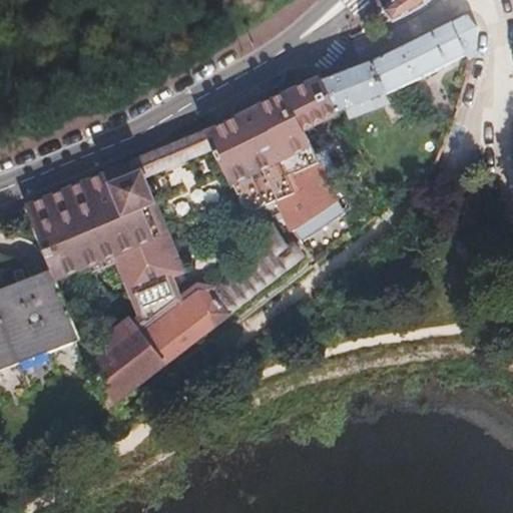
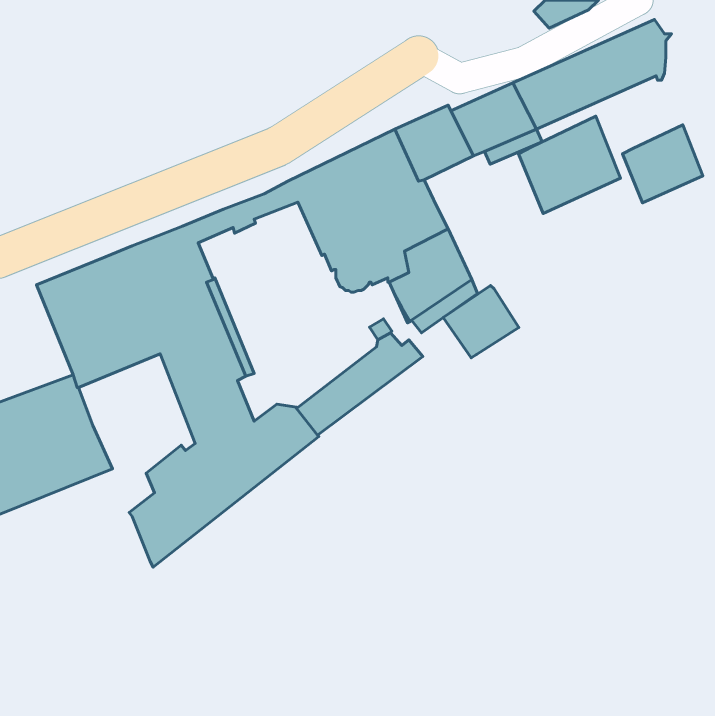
building: none -> [519,116,621,214]
building: none -> [623,125,703,203]
building: none -> [443,286,519,358]

